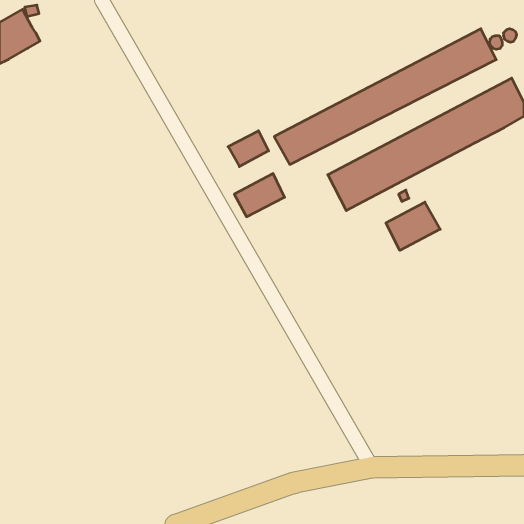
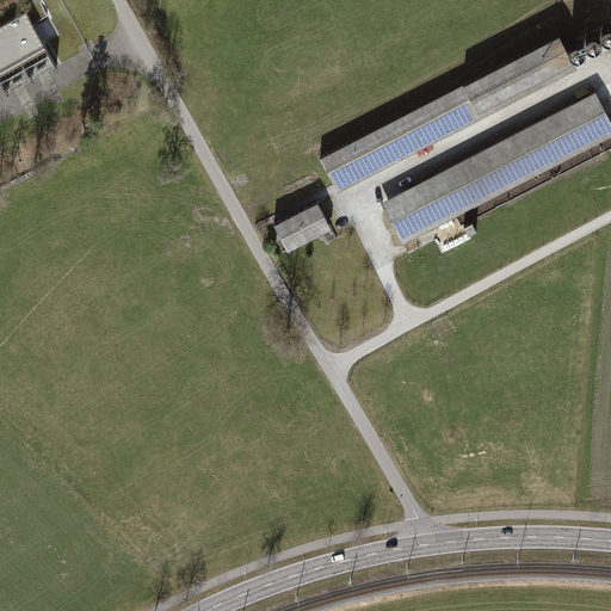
building: [228,131,269,167] -> none
building: [386,202,440,250] -> none

